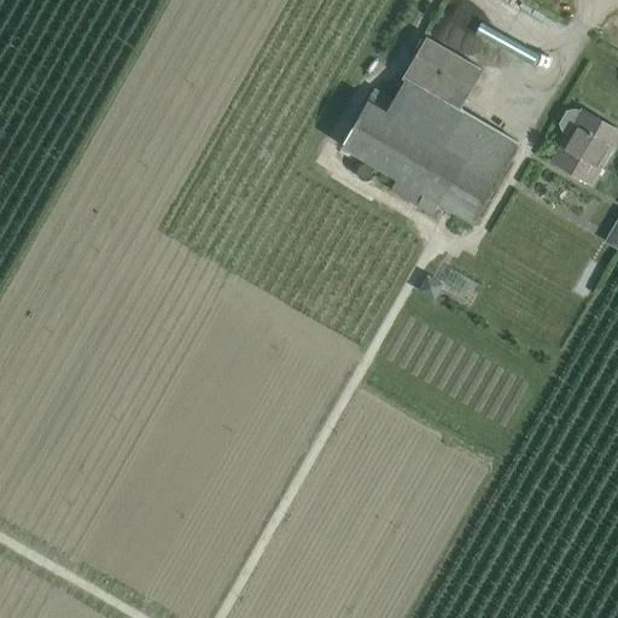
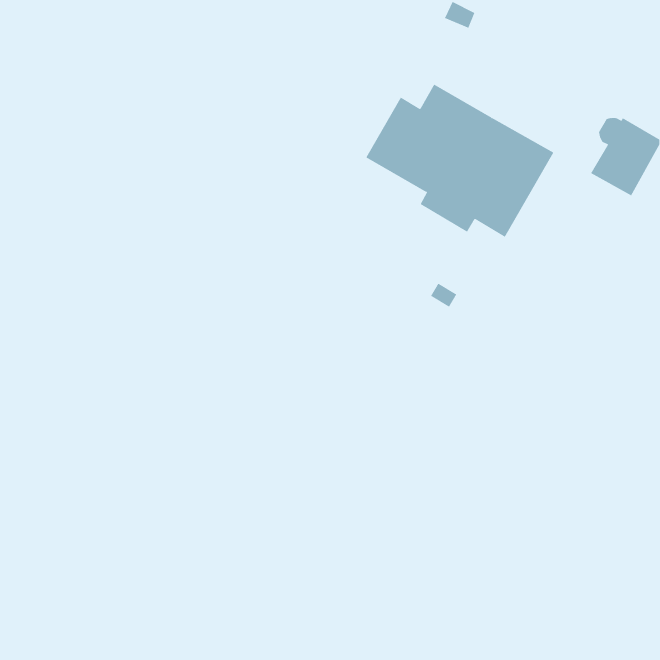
building: [403,37,483,110] -> none

